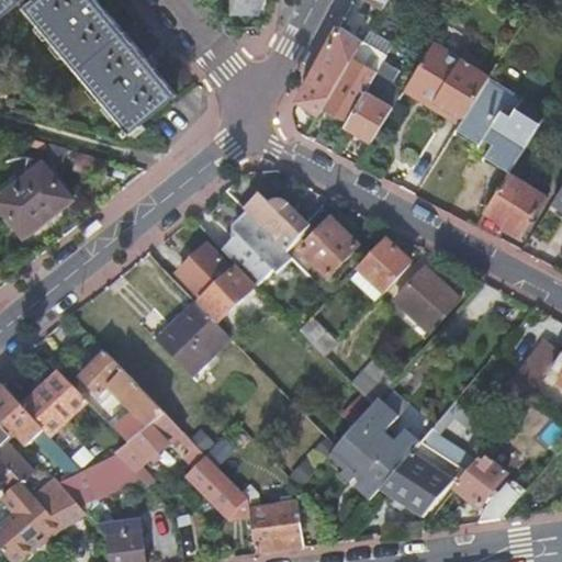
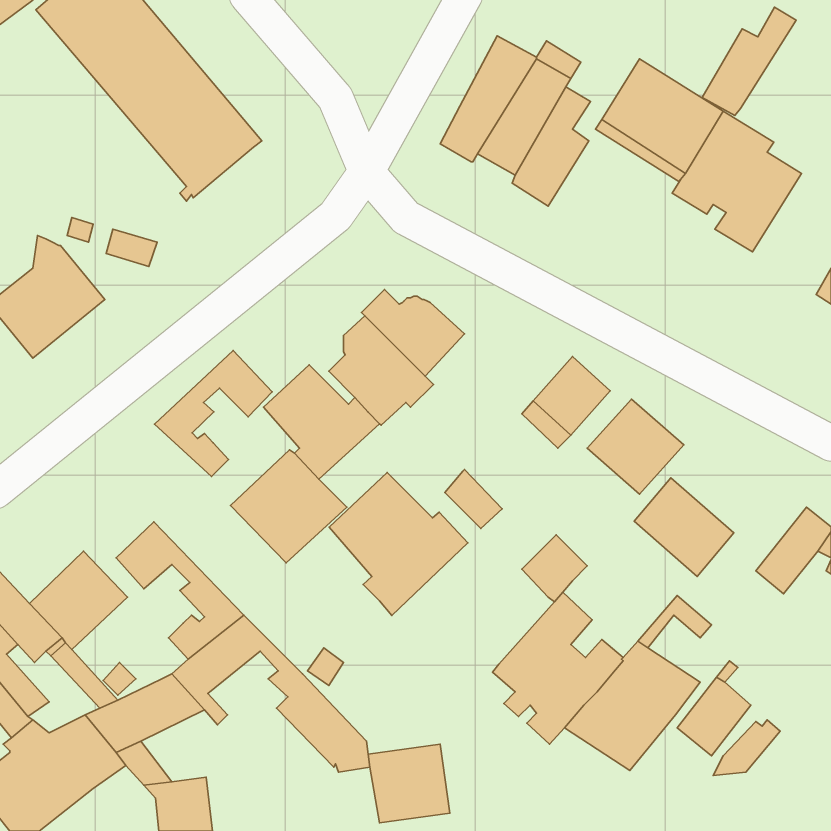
building: none -> [702,7,796,116]
building: [481,170,541,232] -> none
building: [300,220,357,278] -> none
building: none -> [154,351,272,477]
building: none -> [329,473,468,615]
building: none -> [634,478,734,576]

